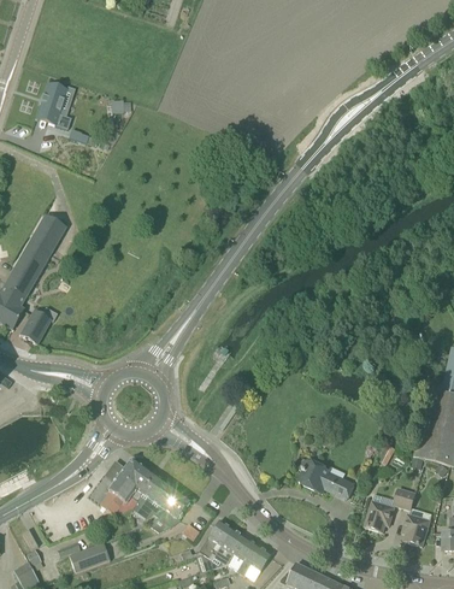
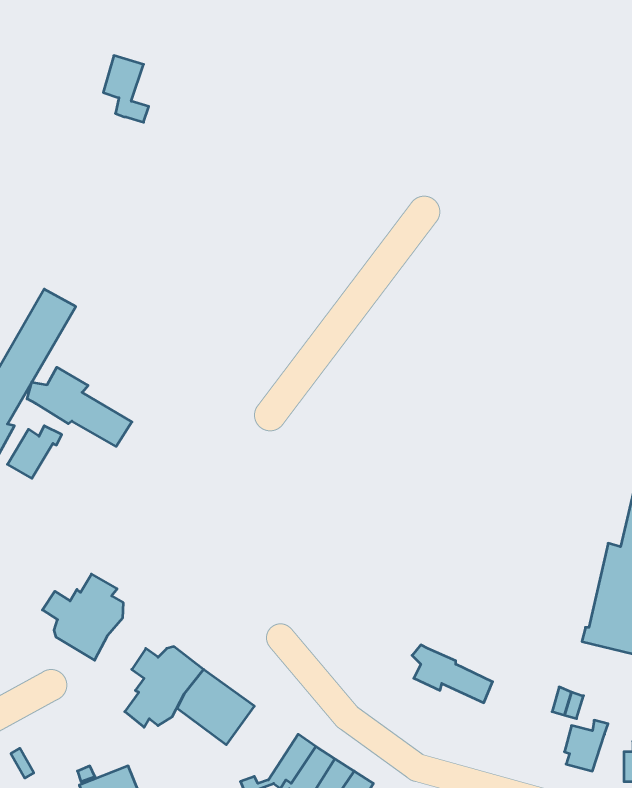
building: [40,82,71,128] -> [103,56,149,122]
building: none -> [27,367,132,446]
building: none -> [42,574,123,660]
building: [364,493,395,531] -> none

